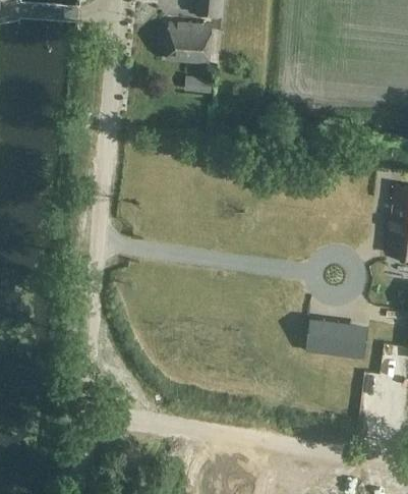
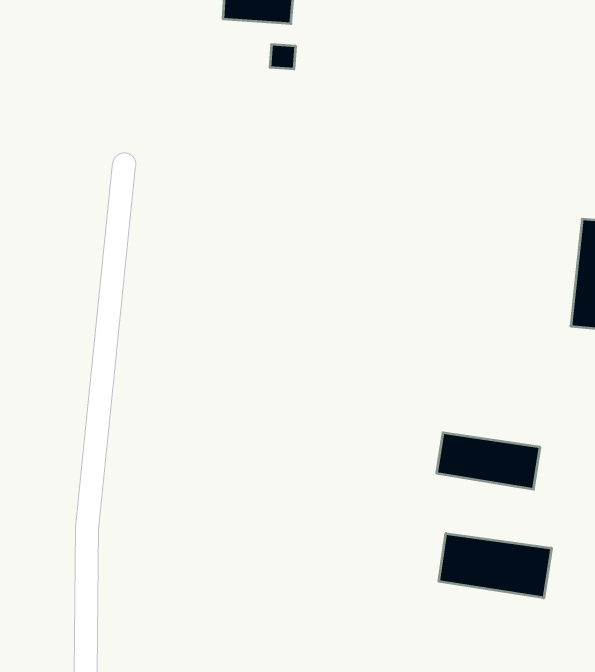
building: none -> [439,533,551,598]

